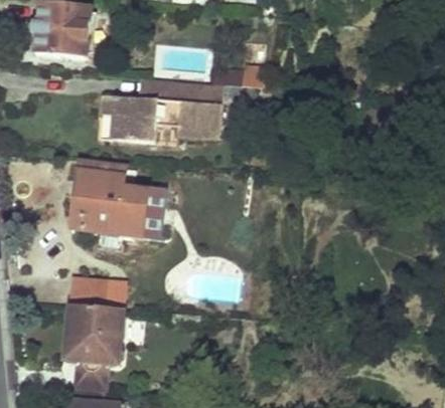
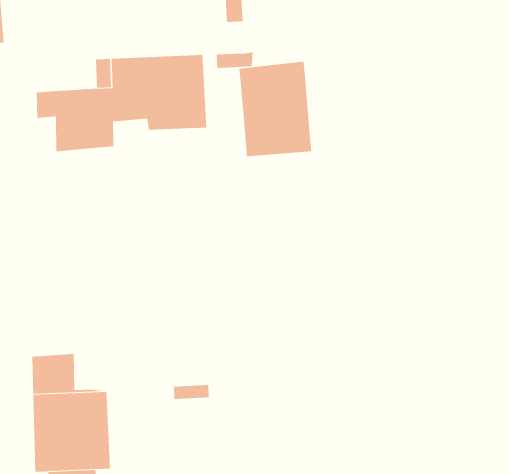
building: none -> [239,61,312,157]
building: [69,163,164,238] -> none

